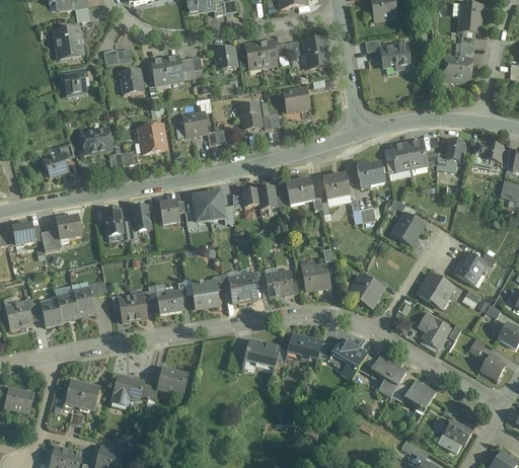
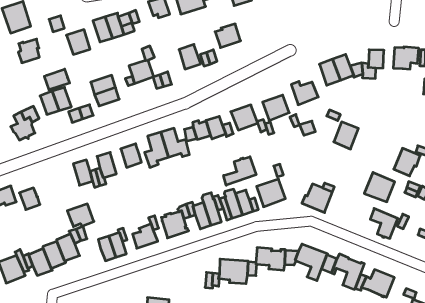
building: none -> [44,69,70,90]
building: [55,216,82,239] -> [67,204,94,227]
building: none -> [224,157,256,185]

